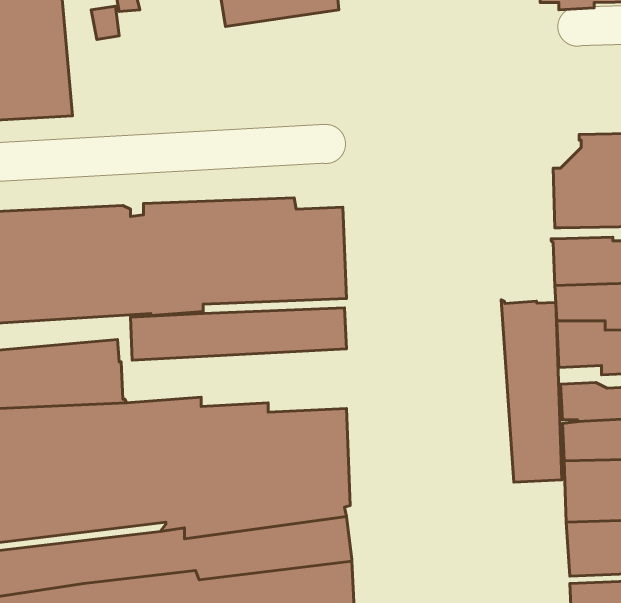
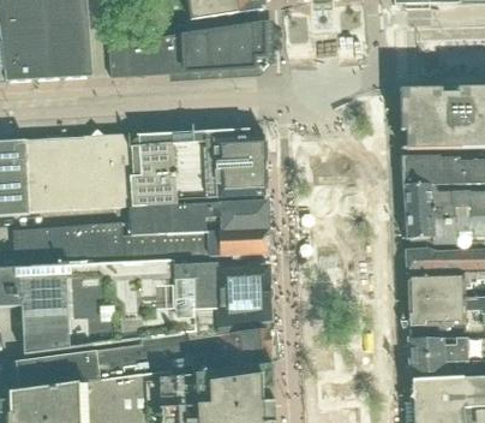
building: none -> [108,19,265,76]
building: [501,300,562,482] -> none
building: none -> [124,226,269,258]

